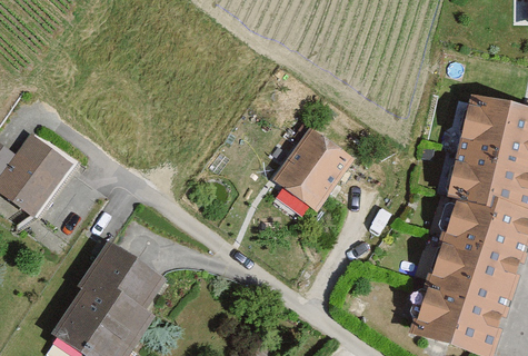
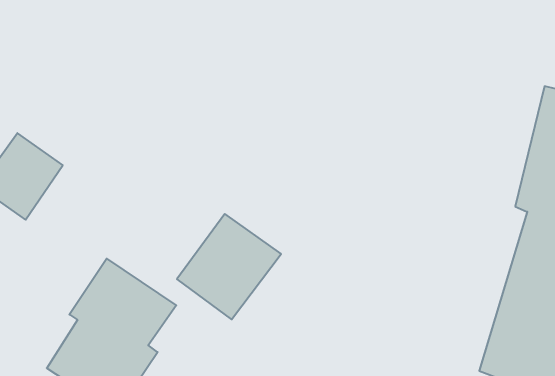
building: [269,129,356,217] -> [177,214,281,319]

